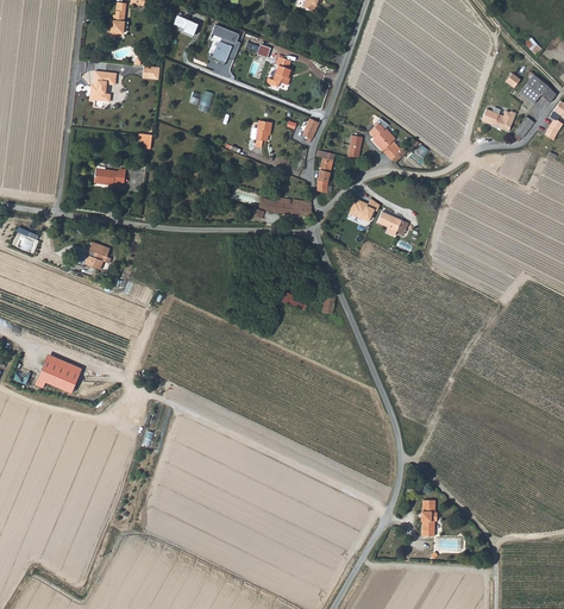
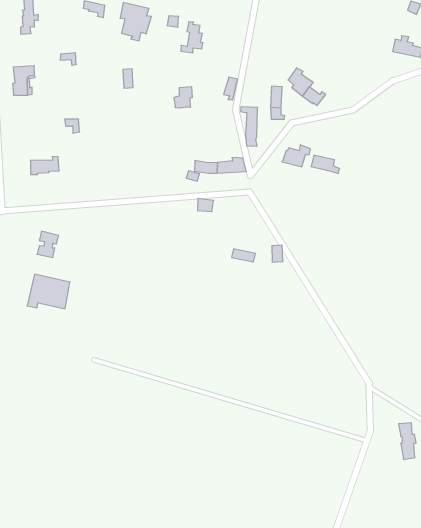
building: [36,353,83,394] -> [27,274,70,309]

